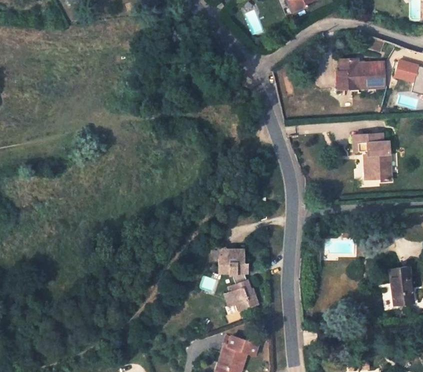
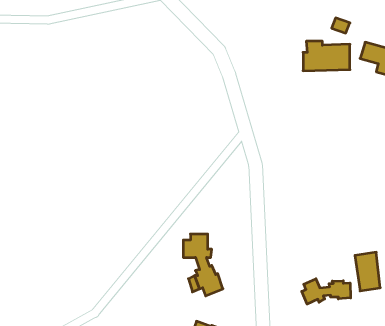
building: [353,133,391,181] -> none
building: none -> [302,279,351,304]

